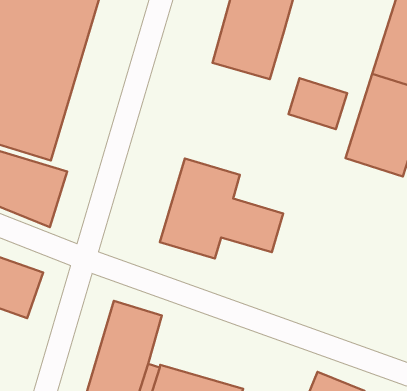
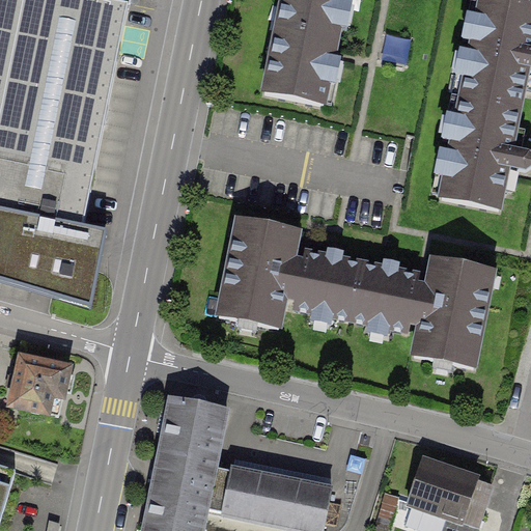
building: [288,78,347,129] -> none
building: none -> [352,254,498,376]

